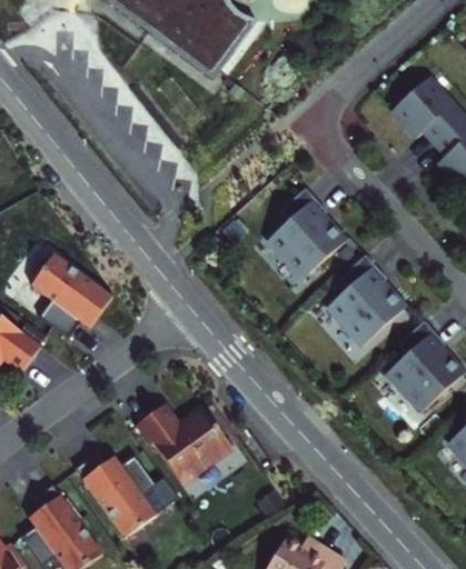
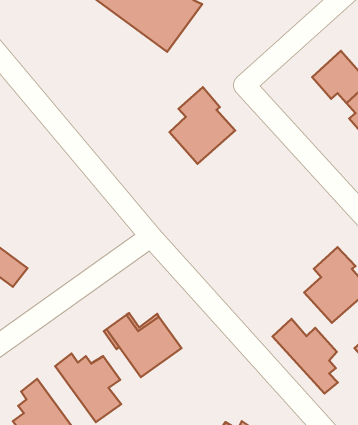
building: [265,188,346,282] -> [170,87,235,164]
building: [30,253,112,338] -> none
building: [324,254,405,349] -> none
building: none -> [272,319,338,394]

